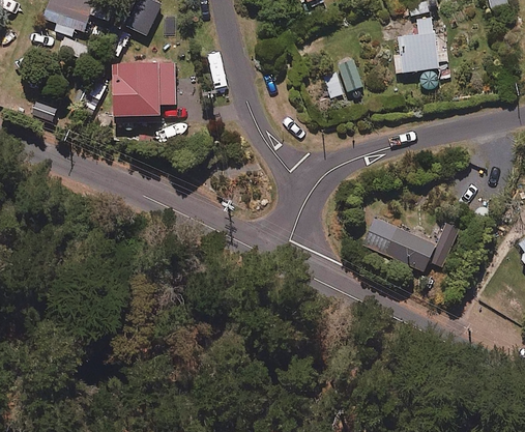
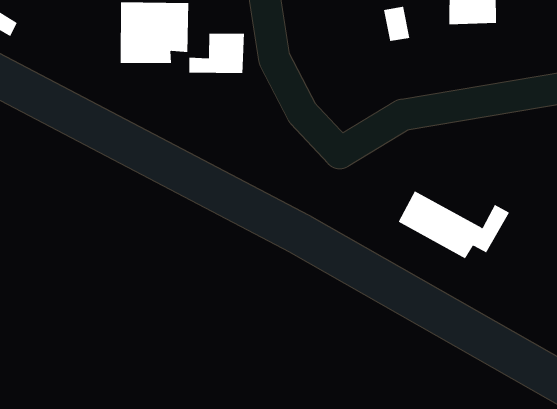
building: none -> [189,33,244,74]

